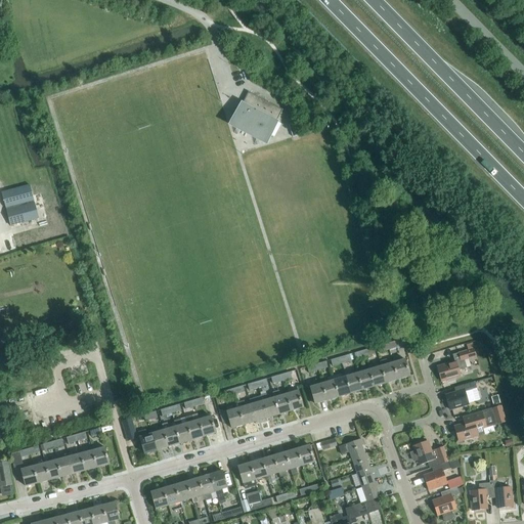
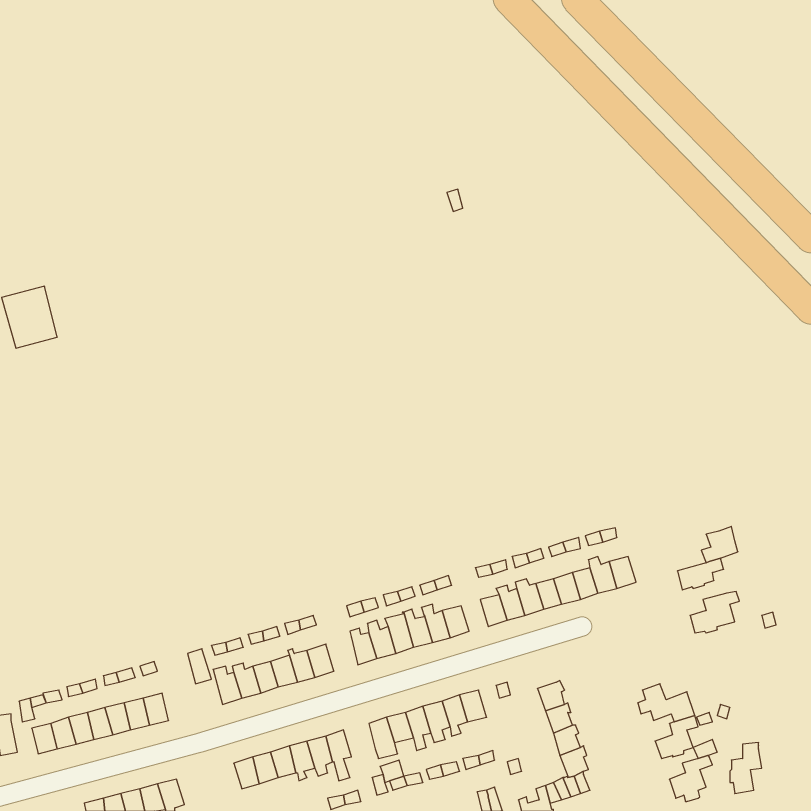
building: [230,91,281,141] -> none
building: [453,405,505,439] -> none
building: [488,479,511,508] -> none

